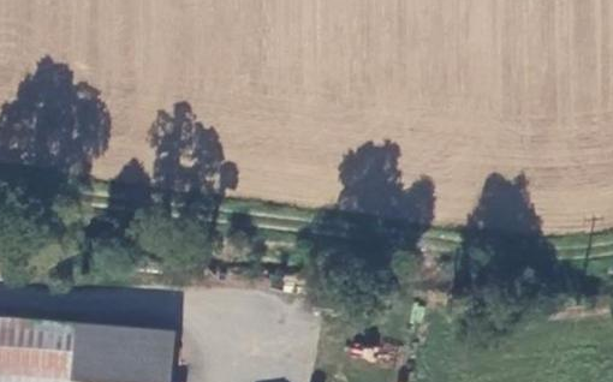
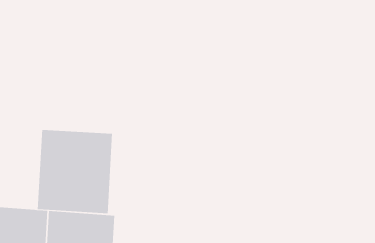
building: none -> [37,129,112,214]

